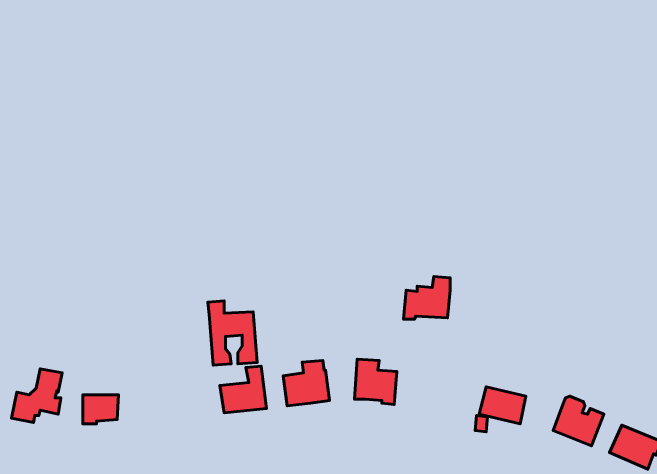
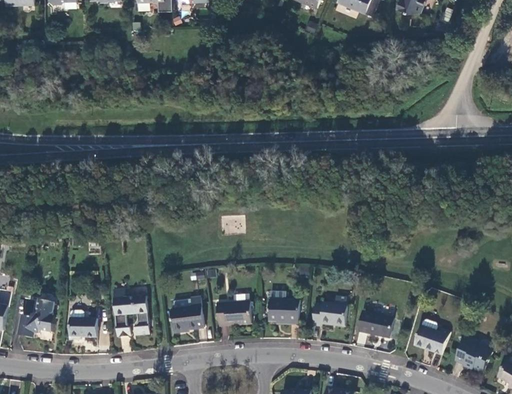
building: [404,277,450,319] -> [311,293,345,324]
building: [208,301,257,365] -> [112,288,148,335]

